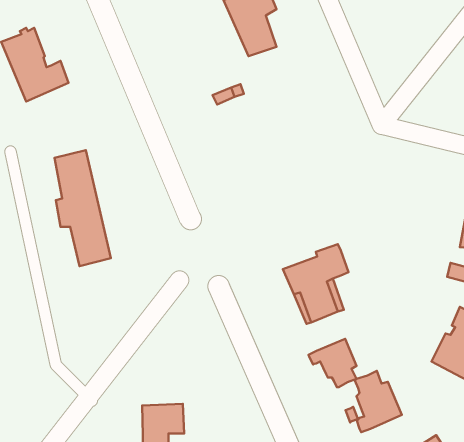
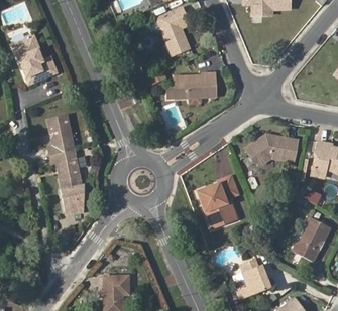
building: none -> [174,72,217,99]
building: none -> [244,136,292,162]
building: none -> [62,182,85,210]
building: [309,339,357,387] -> none

